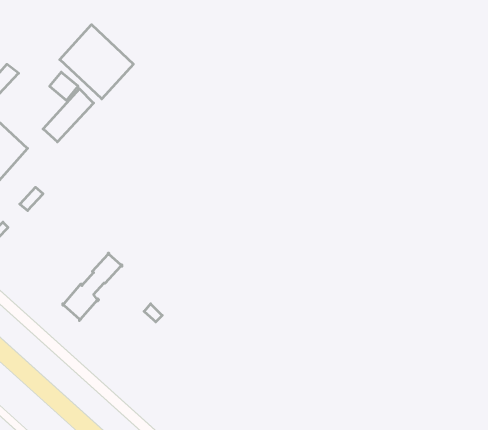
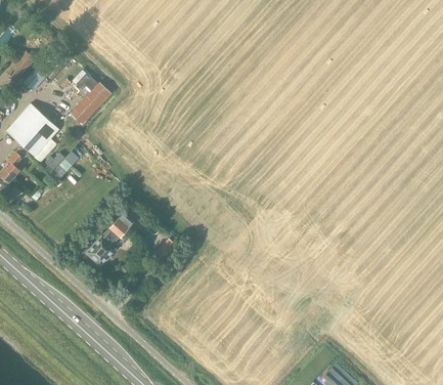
building: [60,25,133,99] -> none

